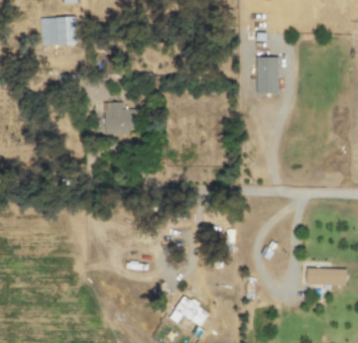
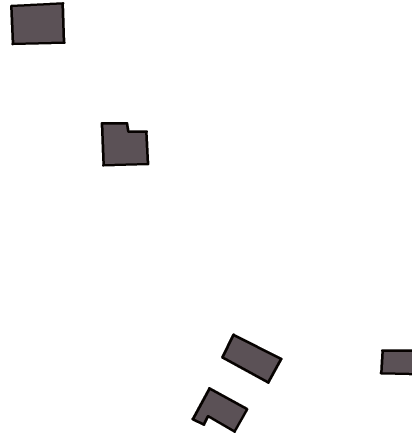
building: [256,58,279,94] -> none
building: none -> [223,335,281,383]

